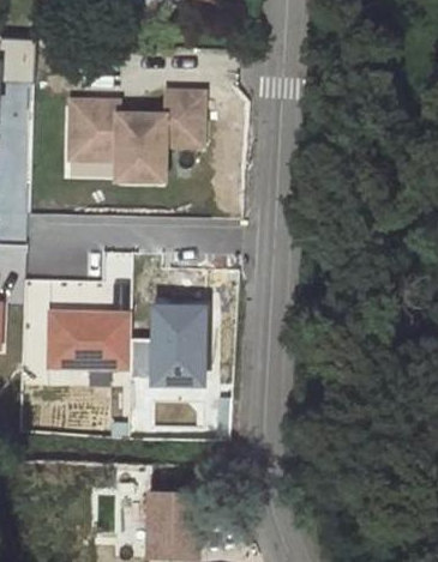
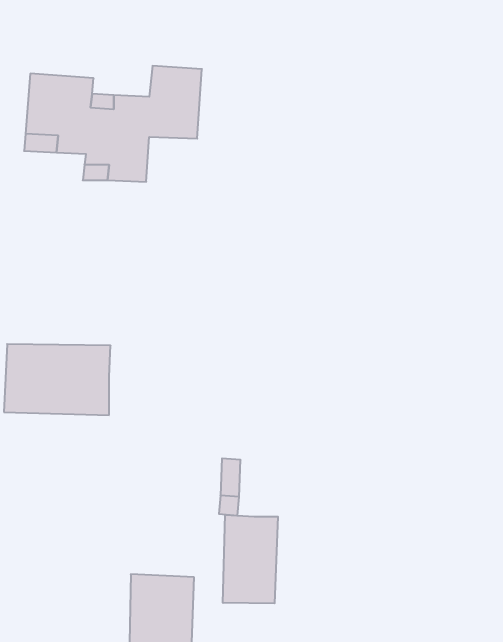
building: [130,304,204,381] -> none
building: none -> [223,515,278,603]

